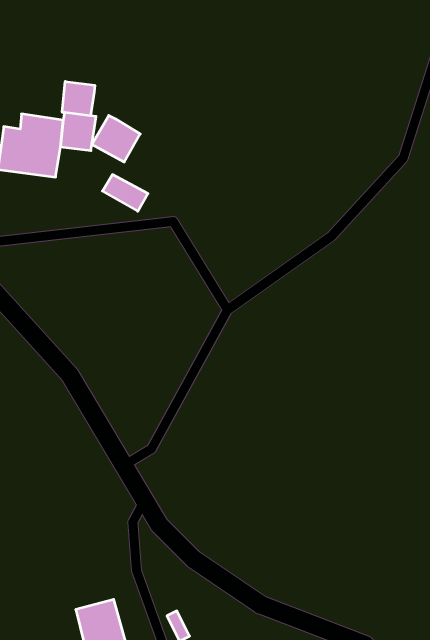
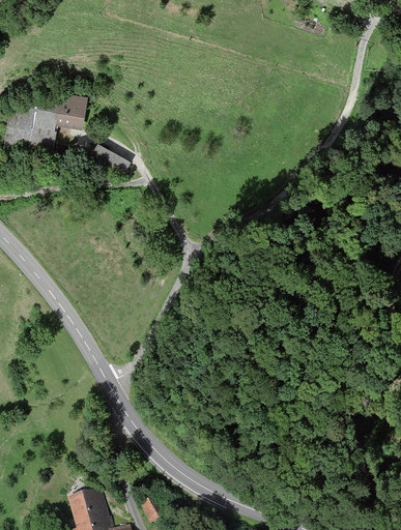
building: [62,81,95,116] -> none
building: [92,115,140,162] -> none

